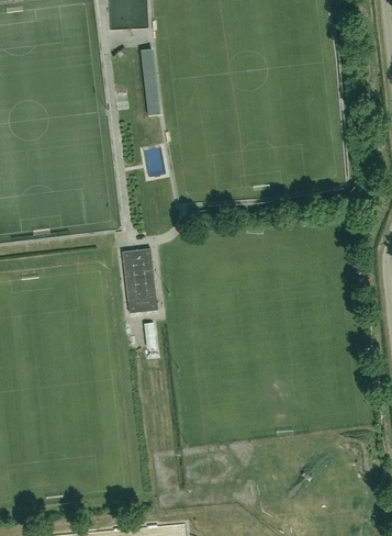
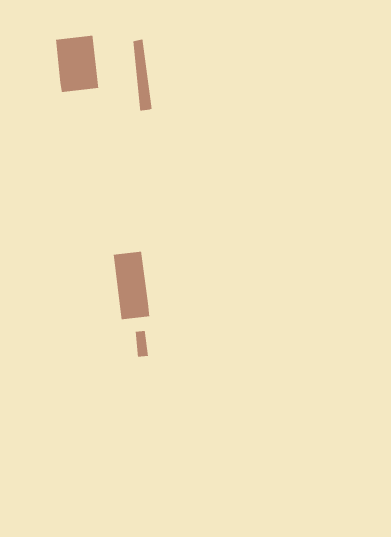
building: none -> [55,35,99,93]

